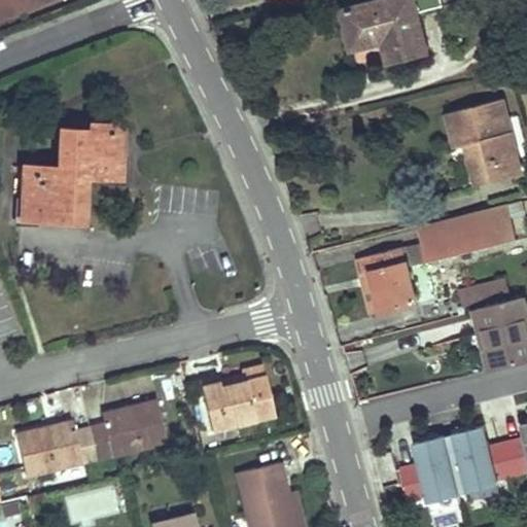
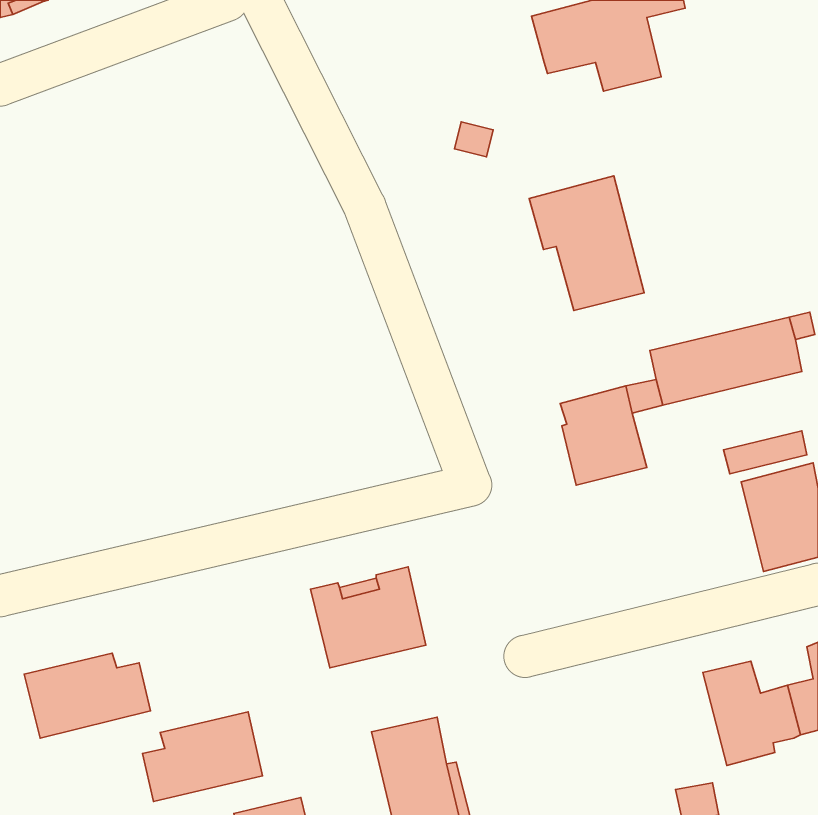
building: [448,100,522,186] -> [529,176,644,310]
building: [20,129,122,223] -> none
building: [90,401,167,459] -> [142,712,262,801]
building: [399,436,459,504] -> none

